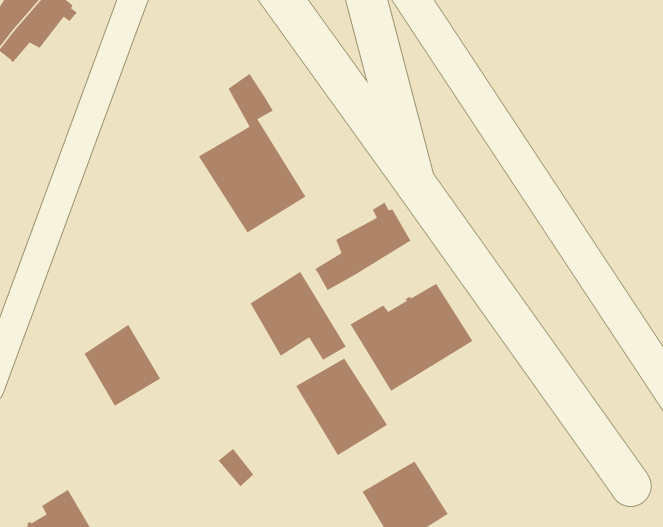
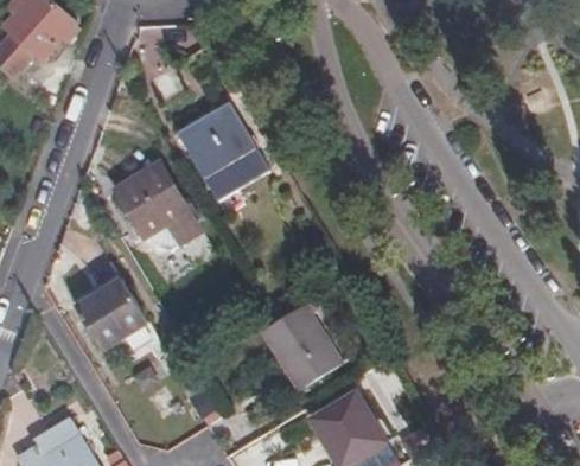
building: [314,201,411,291] -> none
building: [250,271,347,361] -> [117,170,199,245]
building: [350,283,474,392] -> none

